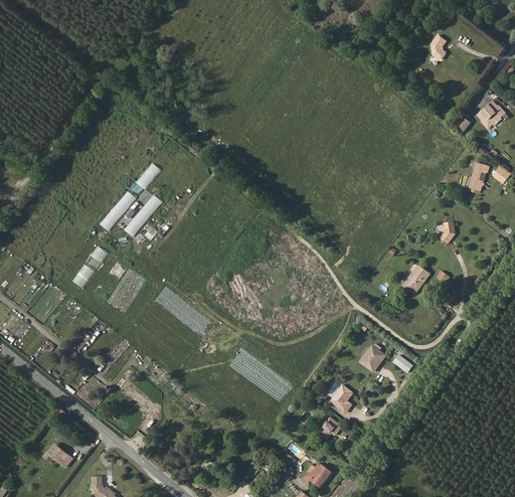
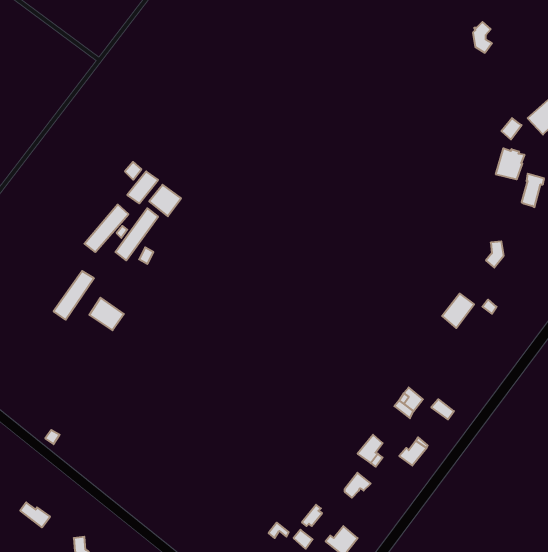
building: none -> [496,148,524,179]
building: none -> [149,185,181,216]
building: none -> [89,298,124,330]

